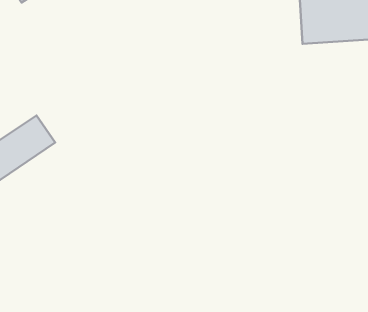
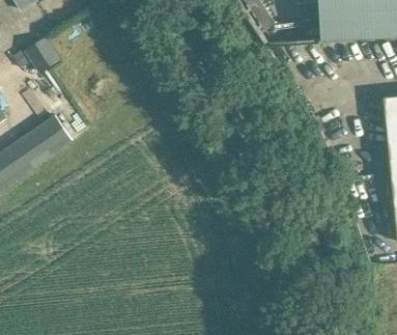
building: none -> [24,38,59,74]

